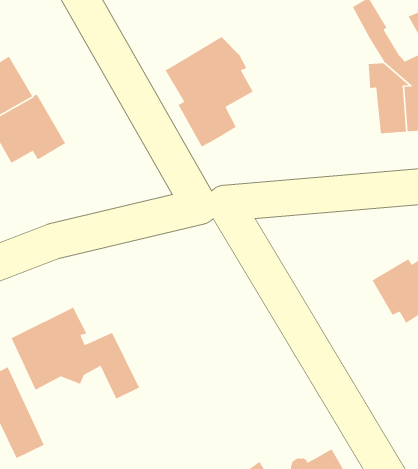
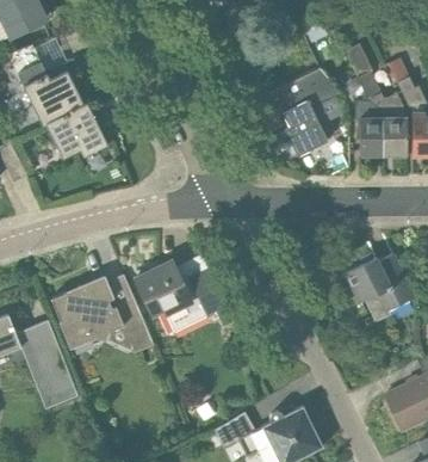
building: [165,36,254,148] -> [273,68,343,156]
building: none -> [136,260,235,328]

